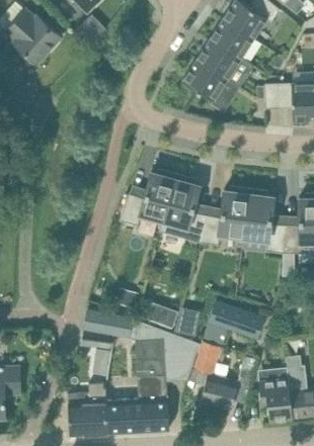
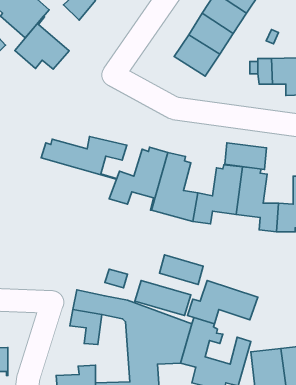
building: none -> [15,16,69,69]
building: none -> [41,136,127,179]
building: none -> [225,143,267,169]
building: none -> [159,255,203,284]

